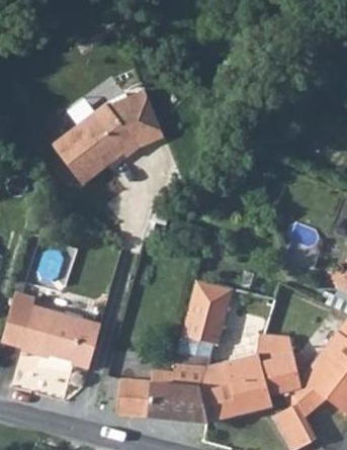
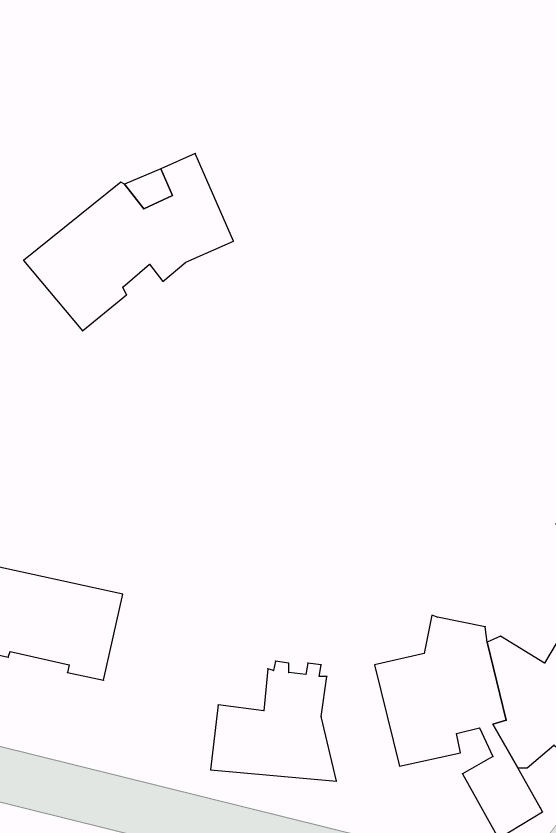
building: [179,279,234,357] -> none
building: [205,360,247,422] -> none
building: [118,378,151,416] -> none

